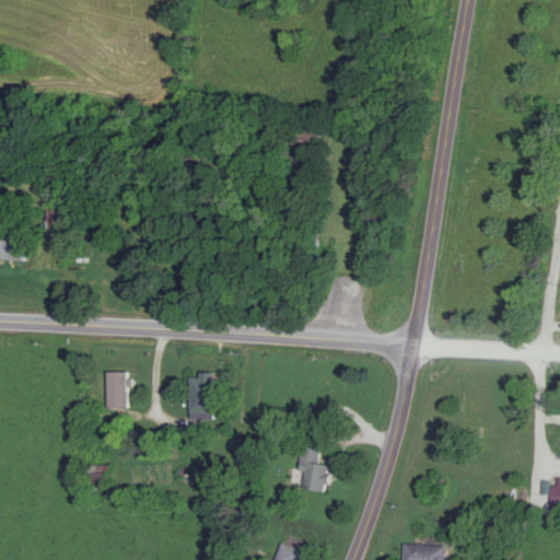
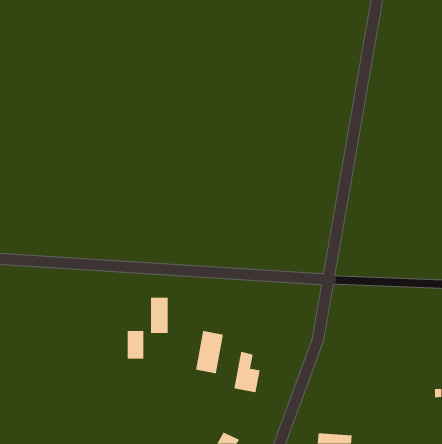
building: [106,373,128,409] -> [127,331,144,359]
building: none -> [195,330,224,374]

